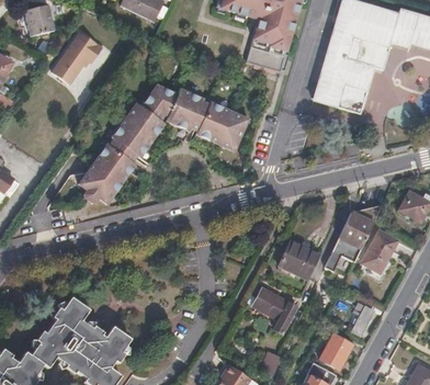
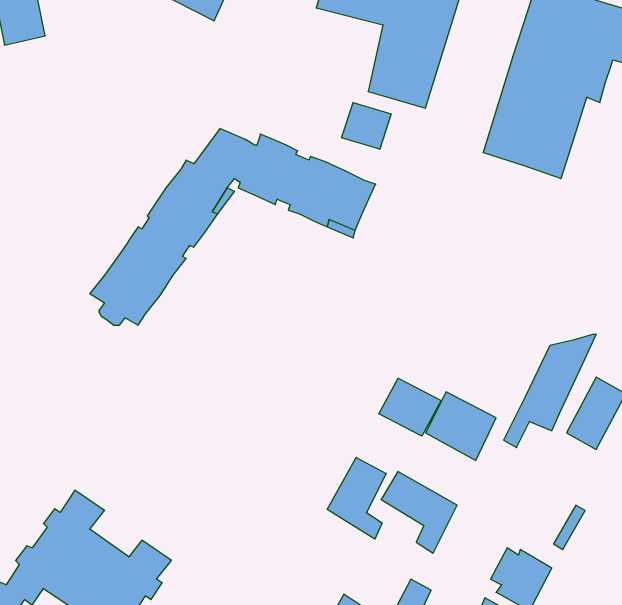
building: [49,34,102,87] -> none
building: none -> [342,102,391,149]
building: none -> [379,378,441,436]
building: none -> [327,457,386,539]

